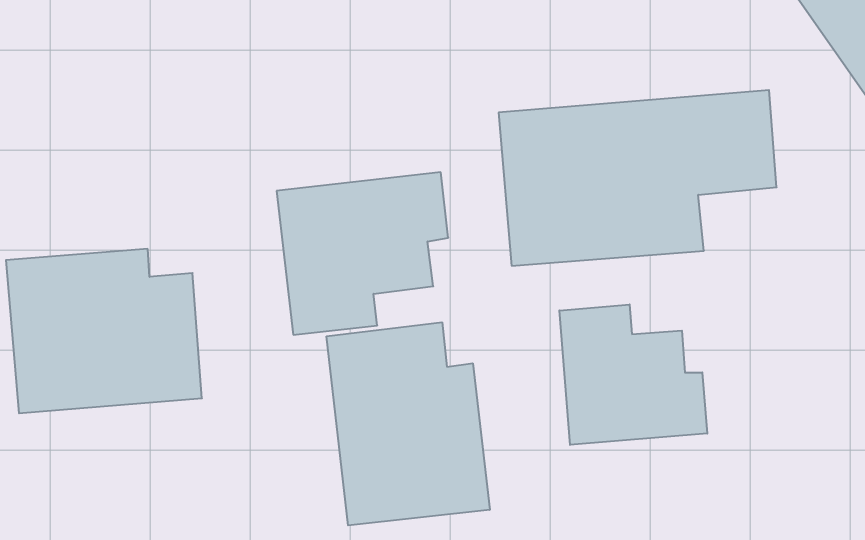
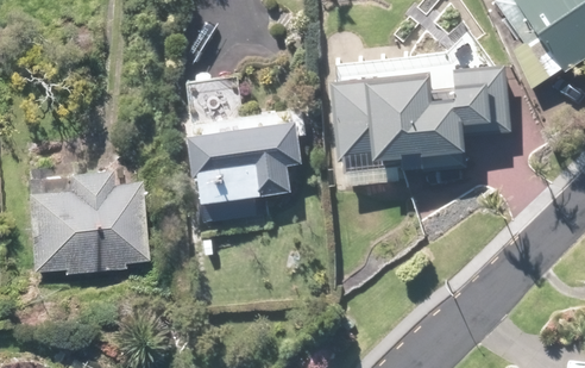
building: [559,304,707,445] -> none
building: [327,322,490,525] -> none

